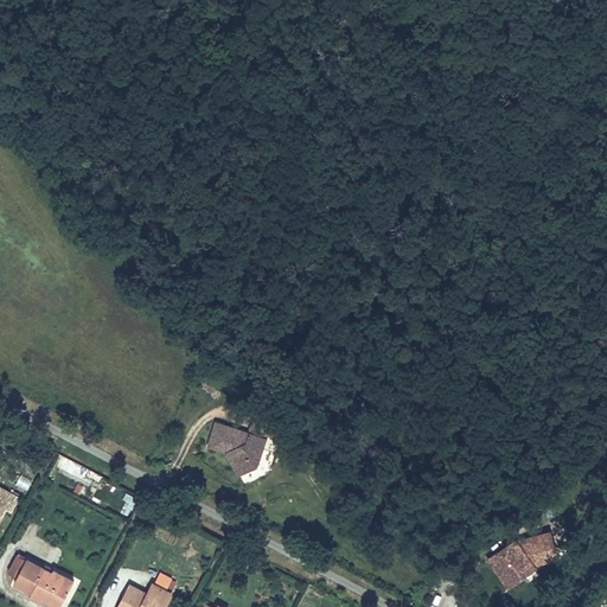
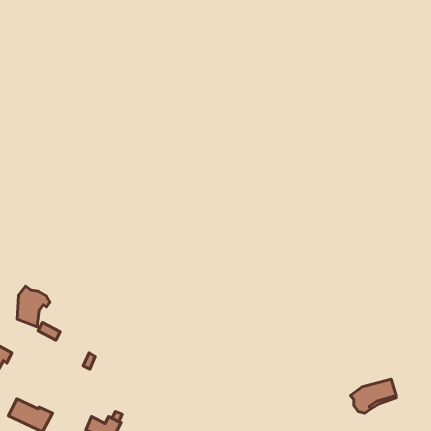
building: none -> [17,286,50,327]
building: [205,423,280,480] -> none

